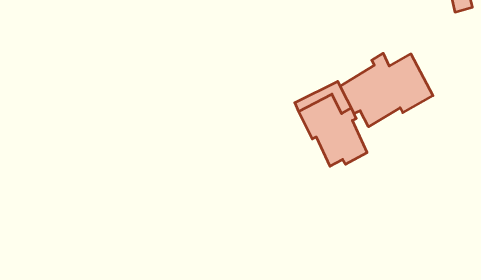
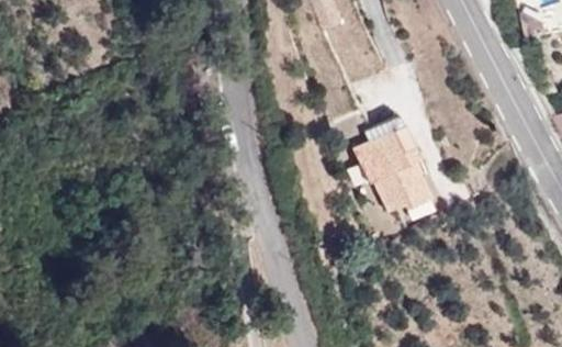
building: [340,53,433,127] -> none

